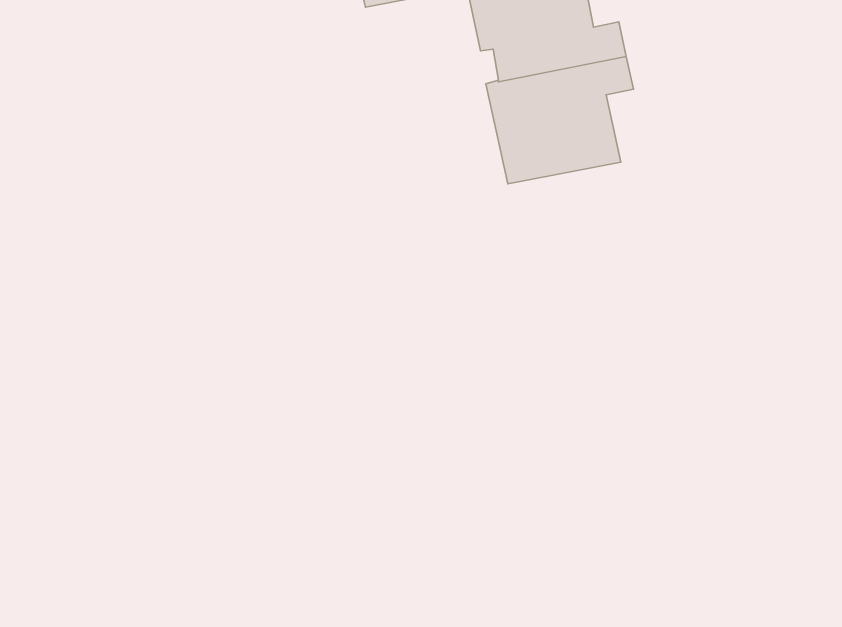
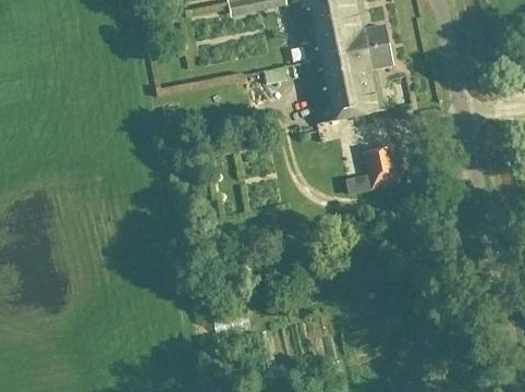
building: none -> [364,145,399,186]

